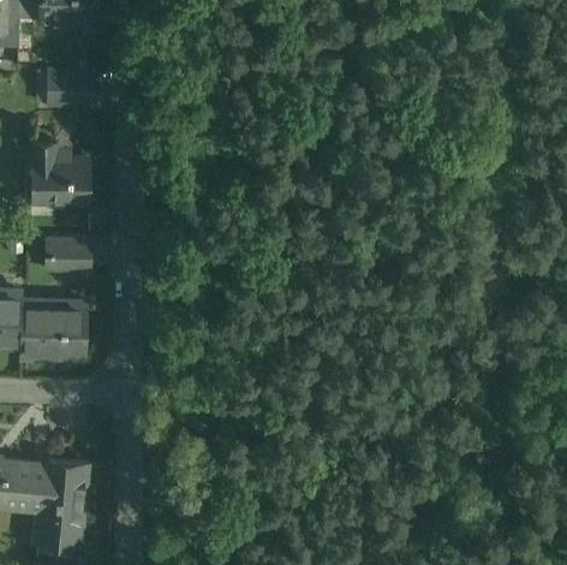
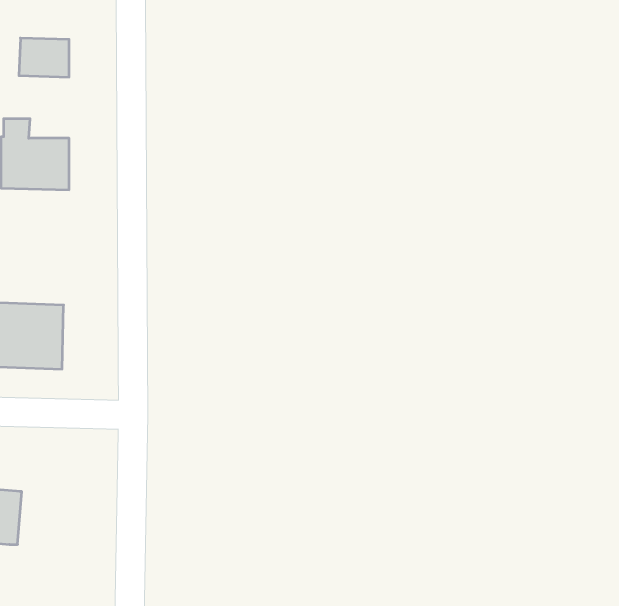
building: [47,237,91,273] -> none
building: [36,459,86,547] -> none

